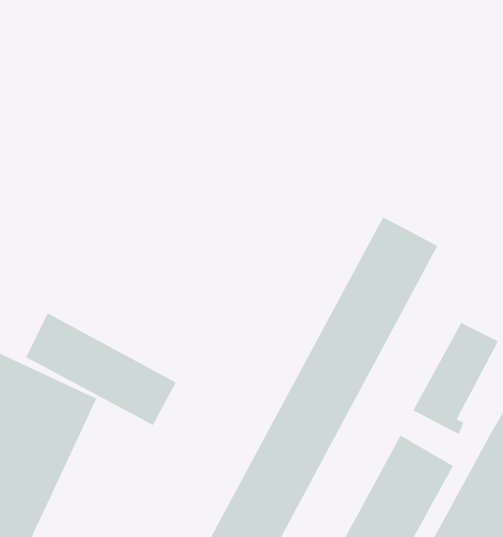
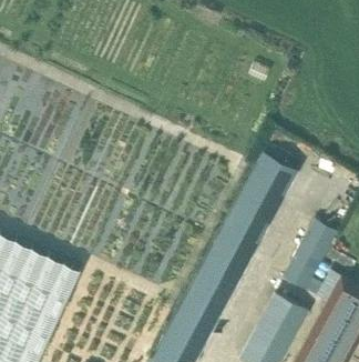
building: [26,312,177,426] -> none

